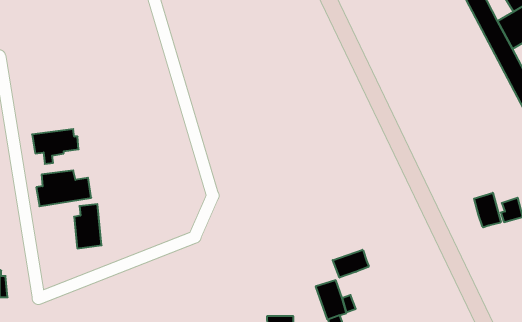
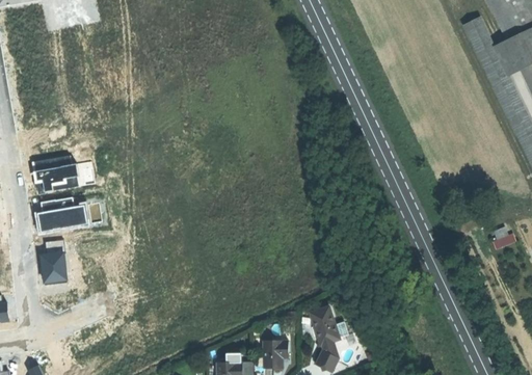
building: [474,193,501,227] -> none
building: [74,204,102,248] -> [42,240,69,284]
building: [333,250,369,278] -> none

